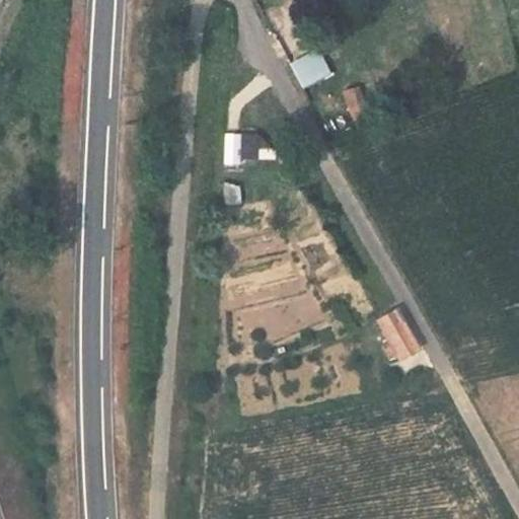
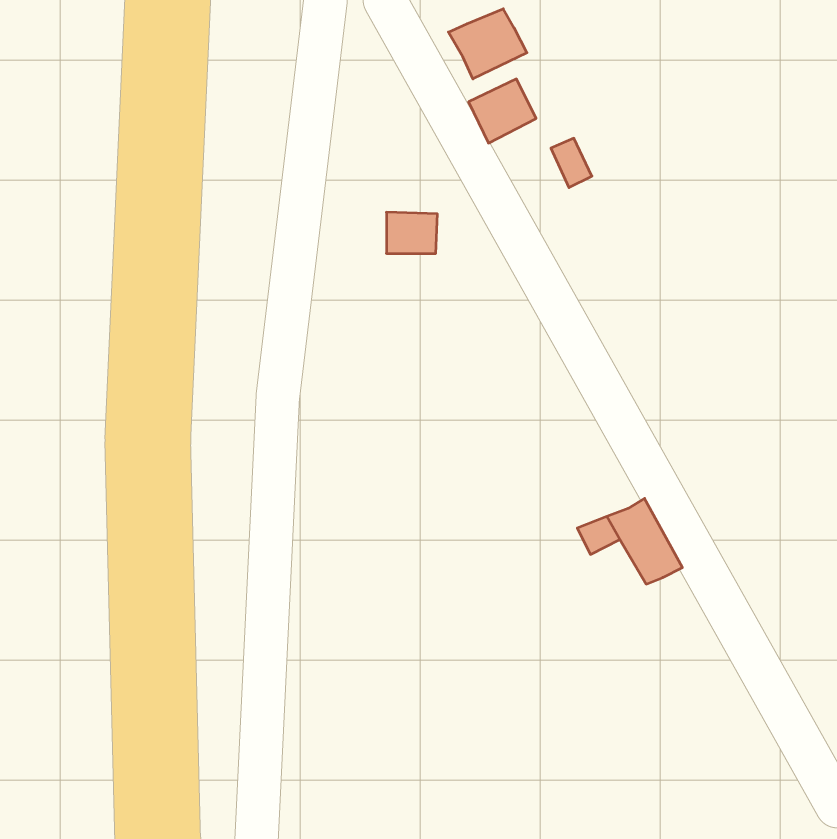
building: none -> [448,9,527,79]

